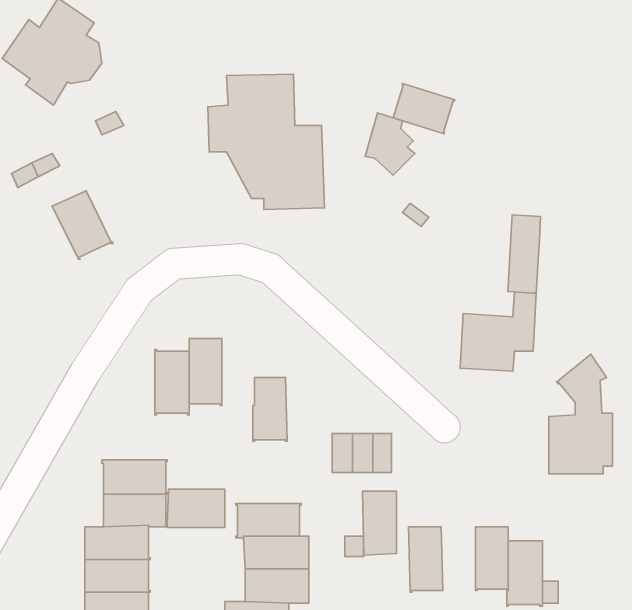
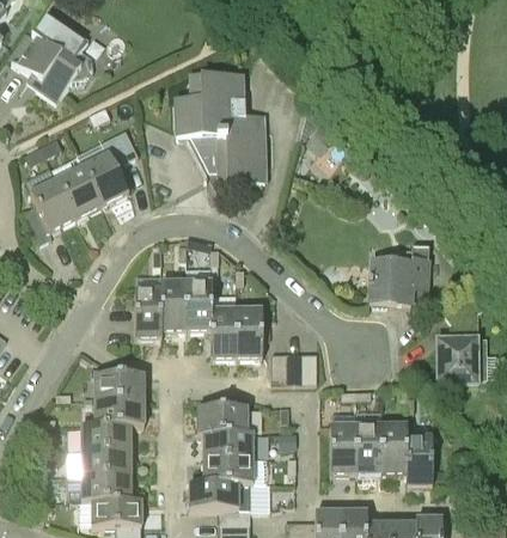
building: [393,83,455,134] -> none
building: none -> [83,128,139,204]
building: none -> [22,177,77,243]
building: [508,215,541,293] -> none
building: none -> [187,279,212,330]
building: none -> [236,307,262,357]
building: [167,489,225,527] -> none
building: [362,491,397,555] -> [355,423,381,472]

